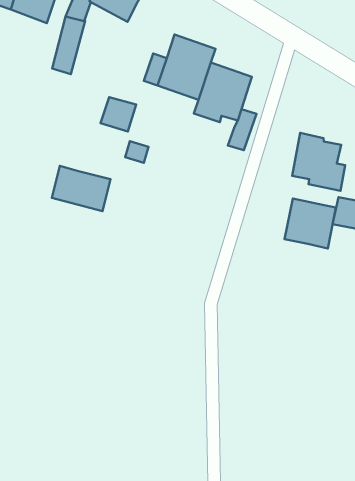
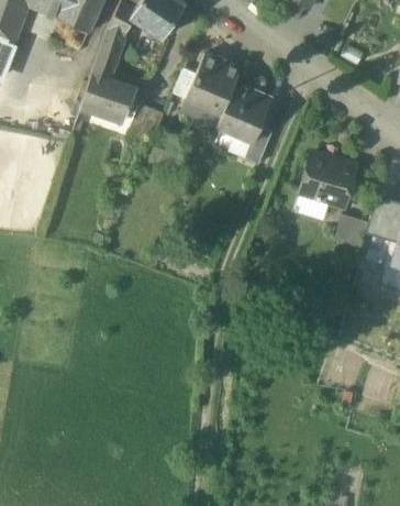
building: [52,166,111,211] -> [80,75,135,120]
building: [285,198,336,248] -> none

